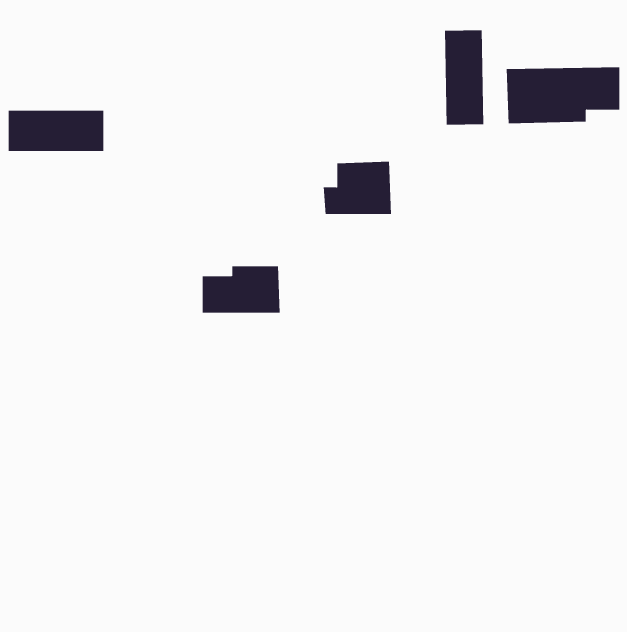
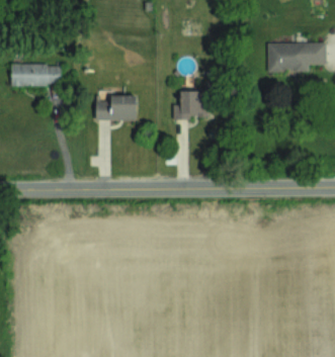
building: [445,30,484,125] -> none
building: [202,266,281,313] -> [95,95,136,119]

